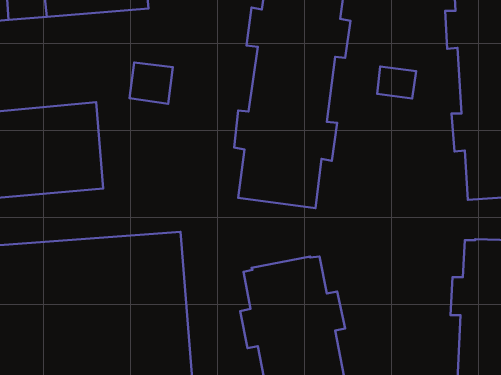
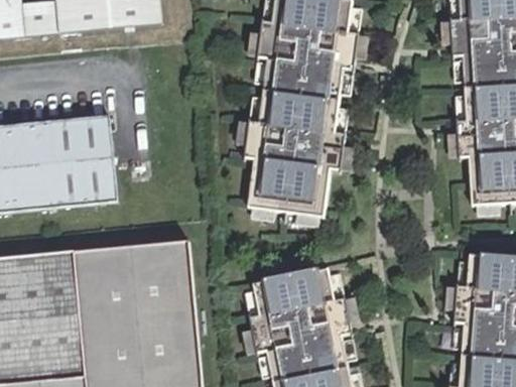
building: [130,63,173,104] -> none
building: [377,67,416,99] -> none

